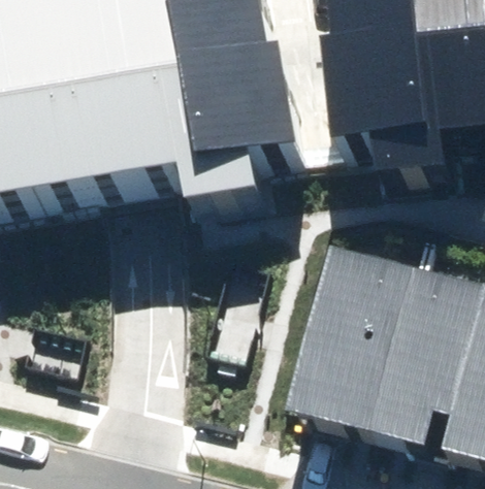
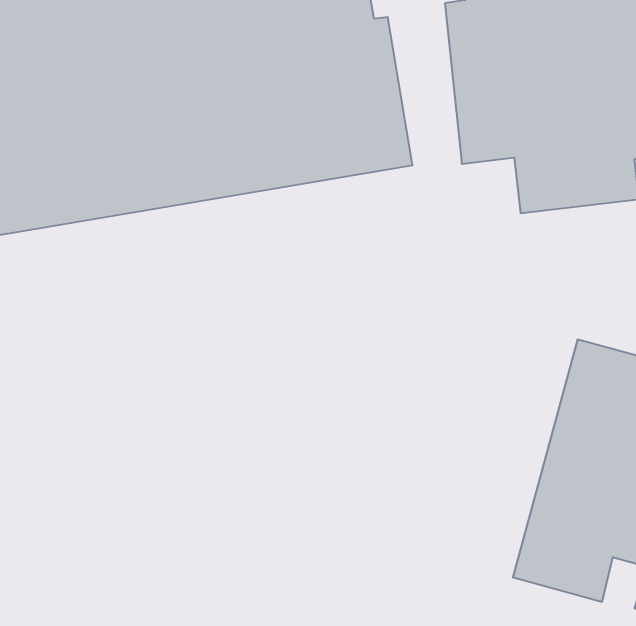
building: [291,242,416,425] -> none

